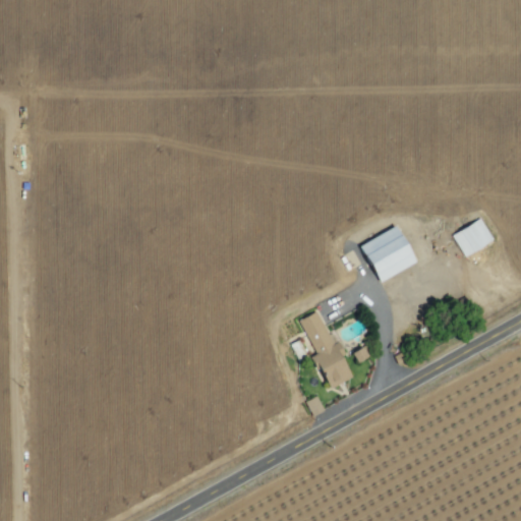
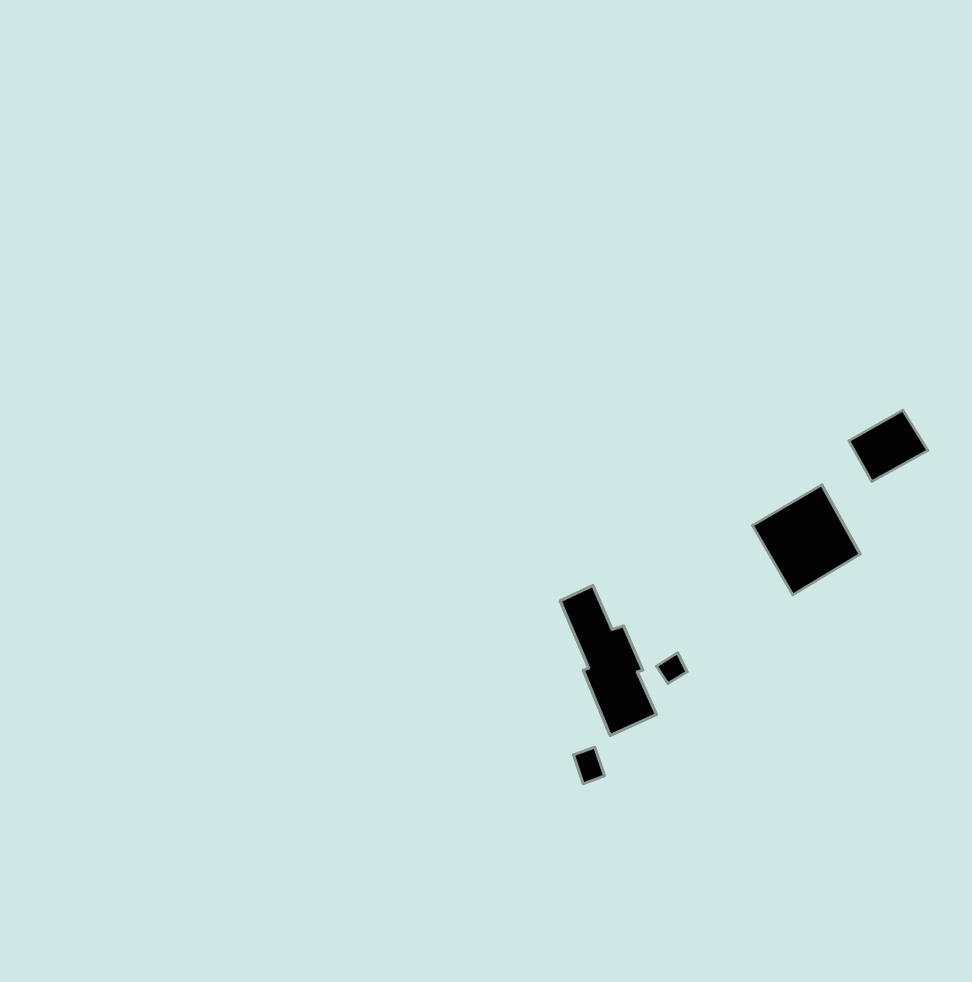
building: [359,225,416,283] -> [753,485,860,595]

